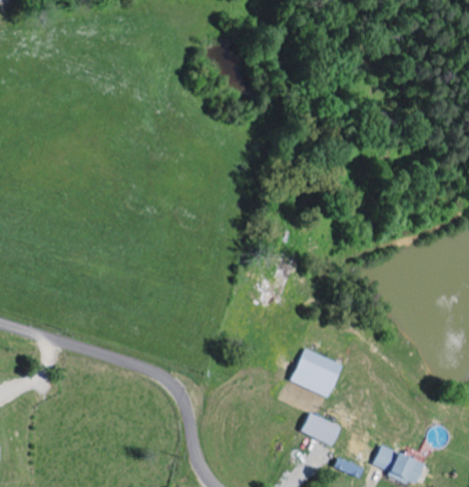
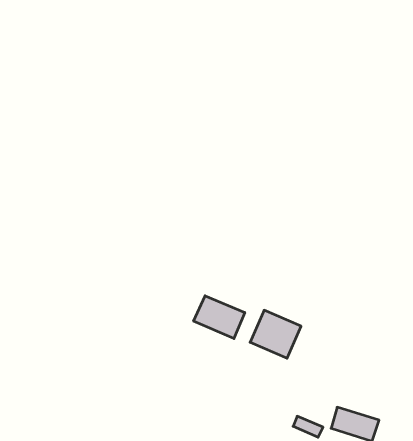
building: none -> [194,296,245,339]
building: [300,412,342,446] -> none

